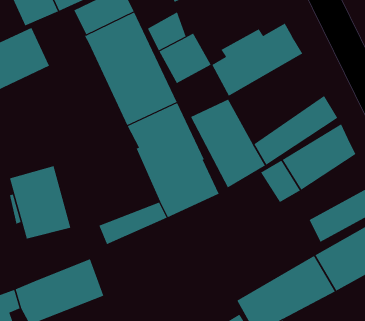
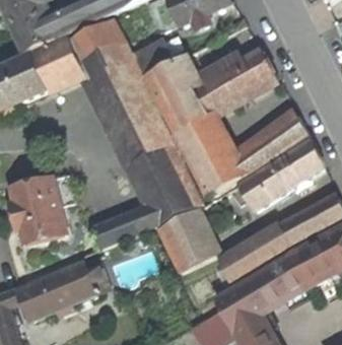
building: none -> [31,37,82,88]
building: none -> [161,87,208,134]
building: none -> [157,209,216,272]
building: none -> [222,226,291,285]

